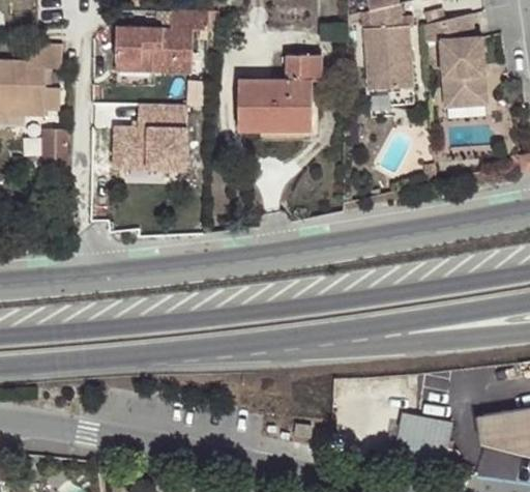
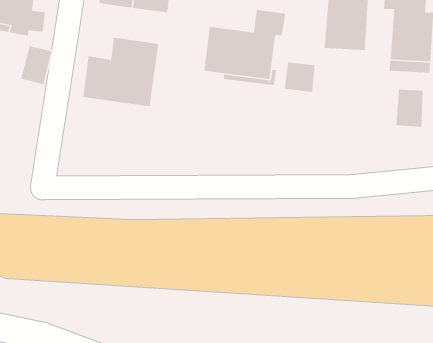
building: none -> [284,61,316,93]
building: none -> [396,89,424,127]

